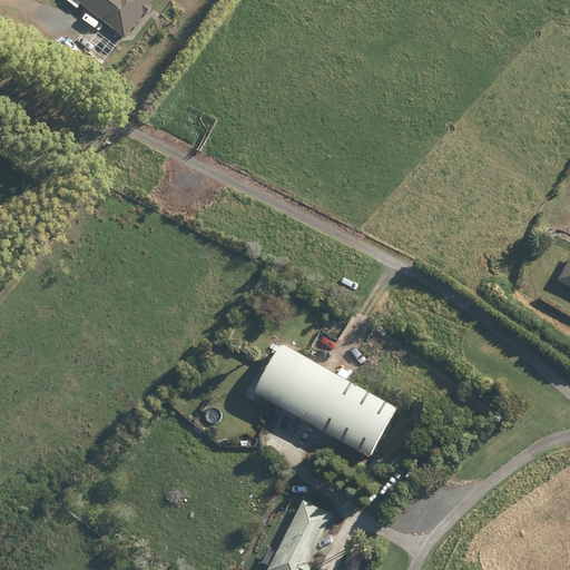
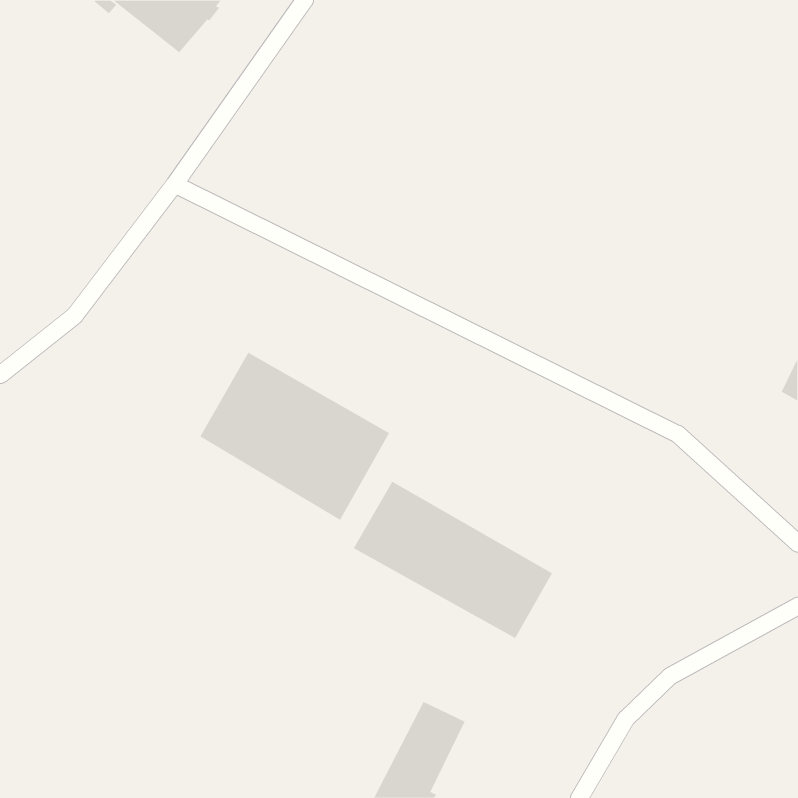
building: none -> [199,352,390,521]

